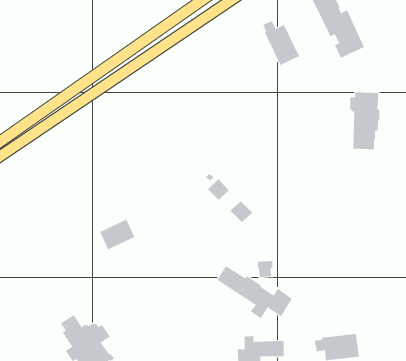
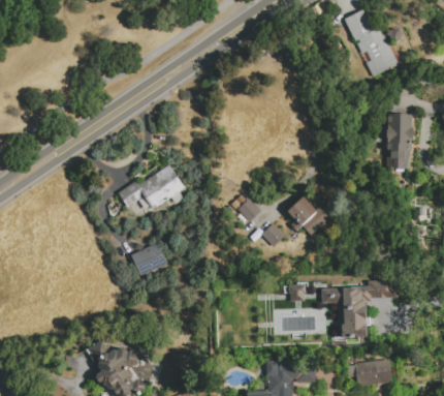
building: [262,21,300,66] -> none
building: none -> [118,163,185,209]
building: none -> [287,194,329,234]
building: none -> [320,277,393,336]

